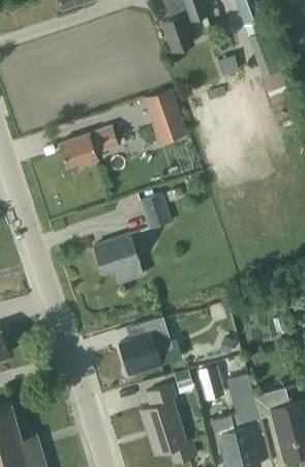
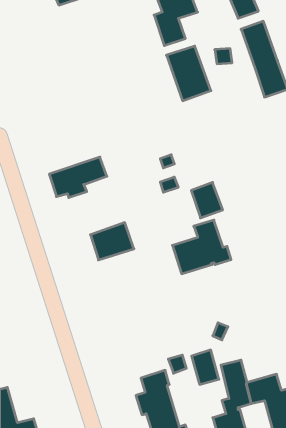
building: [143,88,188,144] -> [166,46,211,101]
building: [60,126,119,168] -> [49,157,107,198]
building: [141,193,173,229] -> [191,182,223,218]
building: [120,318,180,373] -> [172,220,231,274]

